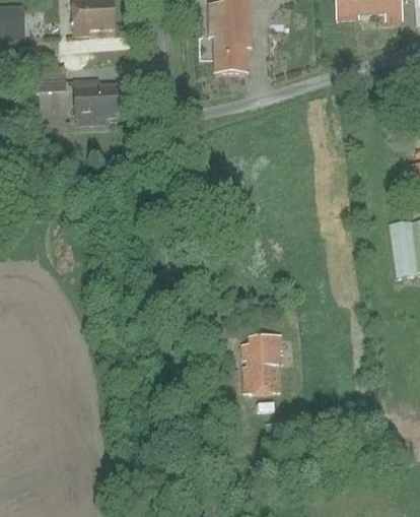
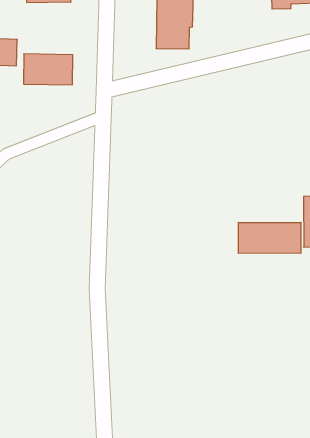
building: none -> [238,222,301,253]
building: [239,332,281,393] -> none

